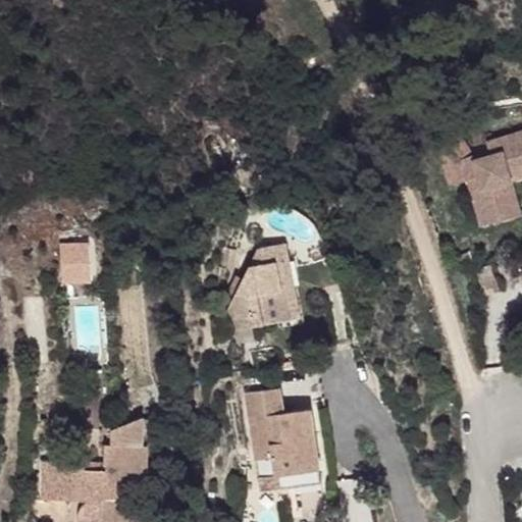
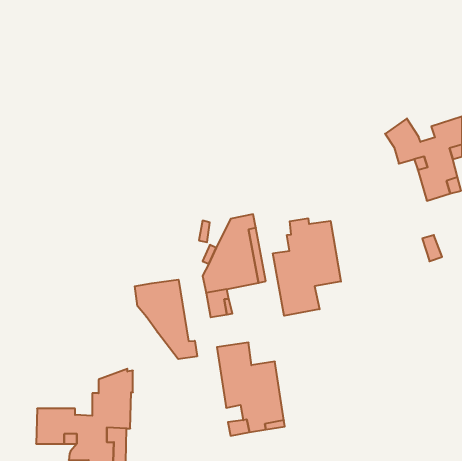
building: [57,245,91,284] -> none
building: none -> [273,218,341,316]
building: none -> [135,280,197,359]

